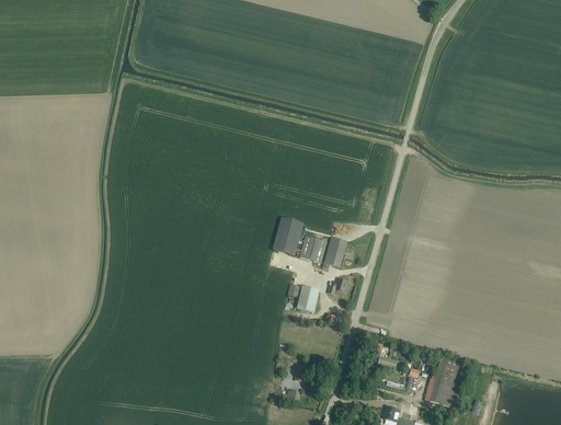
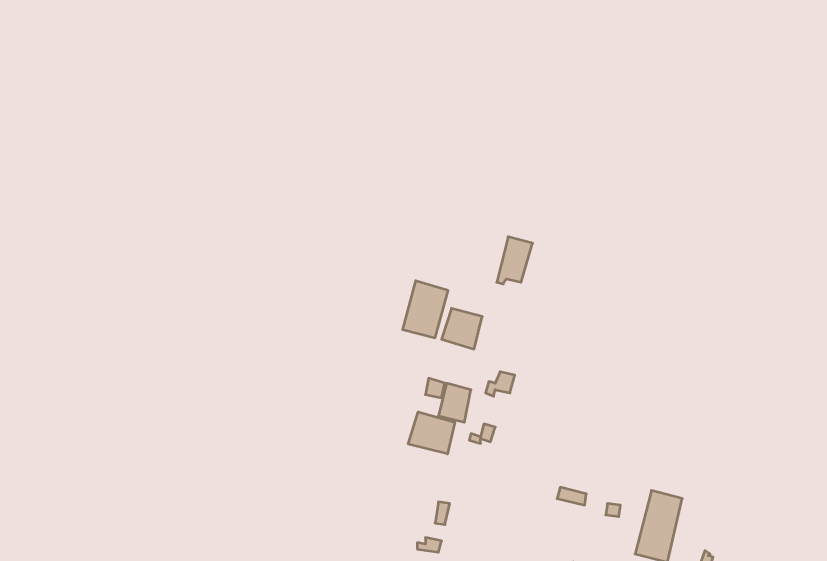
building: [322,237,346,268] -> [497,237,533,284]
building: none -> [408,412,455,454]

